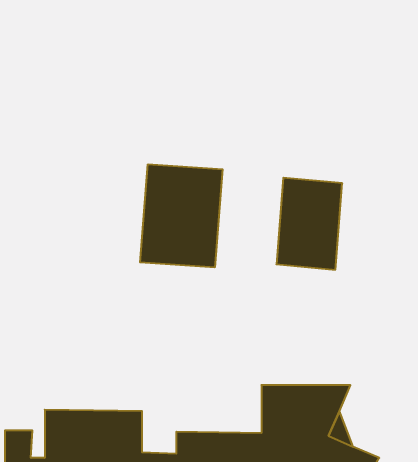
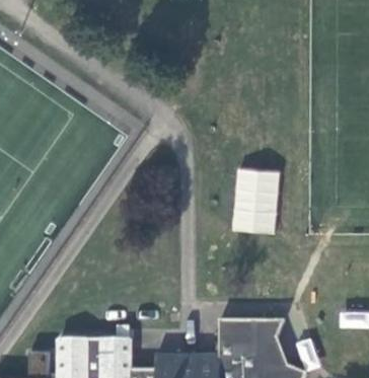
building: [140,164,223,267] -> none

